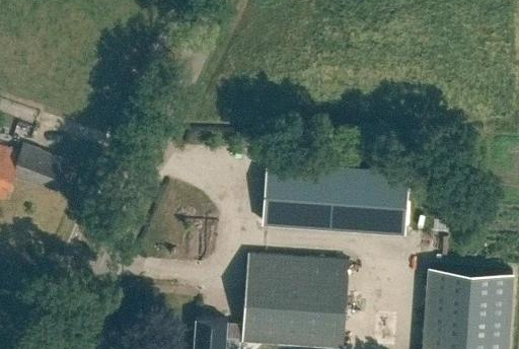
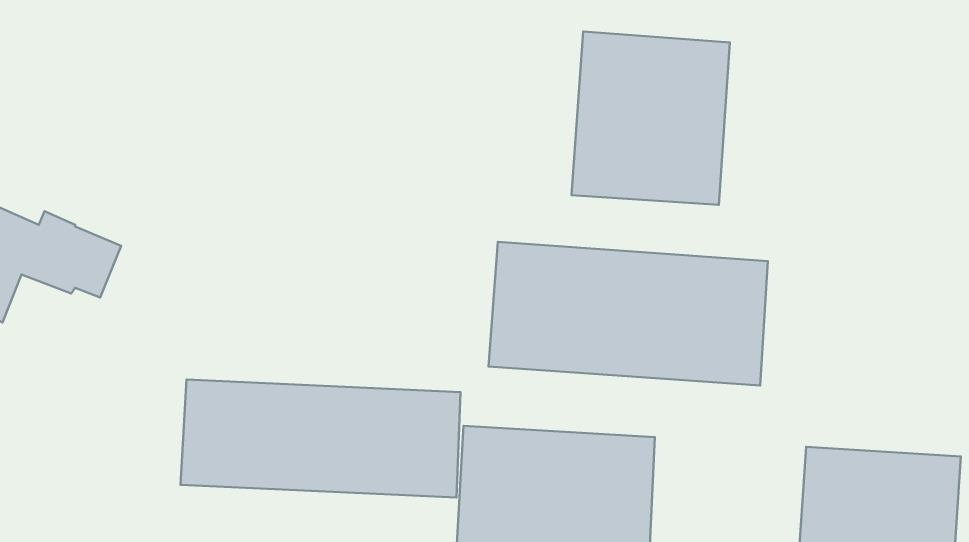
building: none -> [572,31,730,205]
building: none -> [180,380,461,497]

